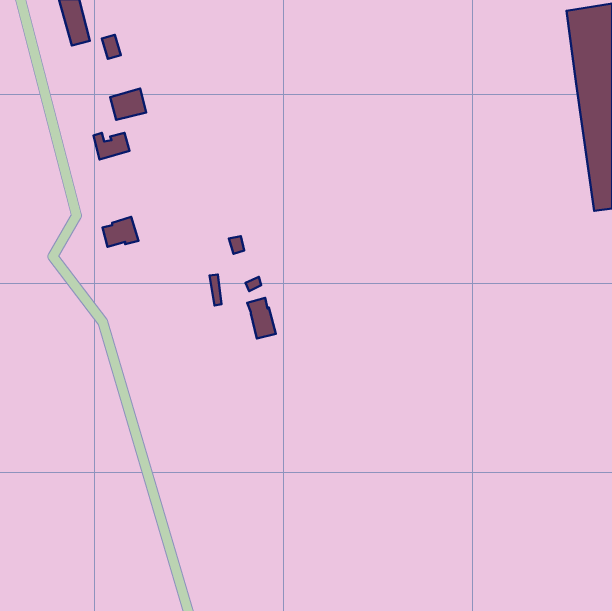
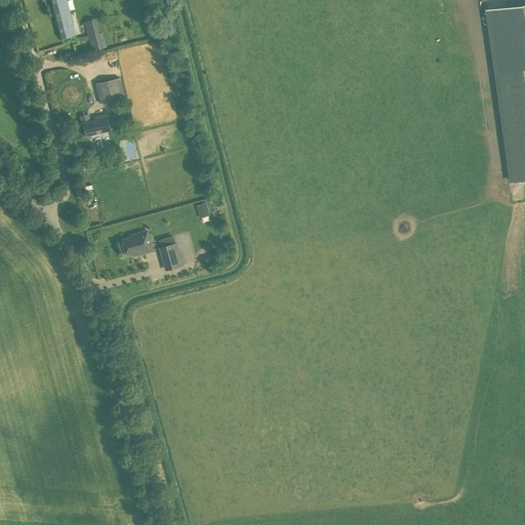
building: [103,217,138,247] -> [122,231,153,256]
building: [247,298,276,339] -> [158,235,183,270]

